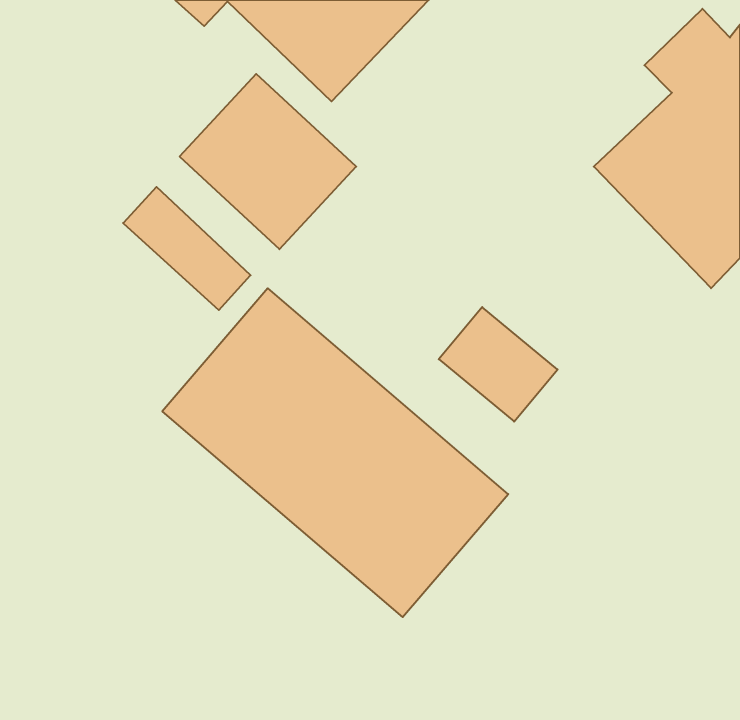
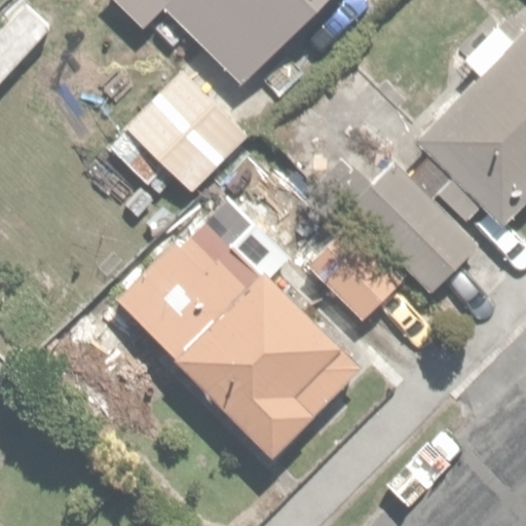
building: none -> [341,159,481,296]

